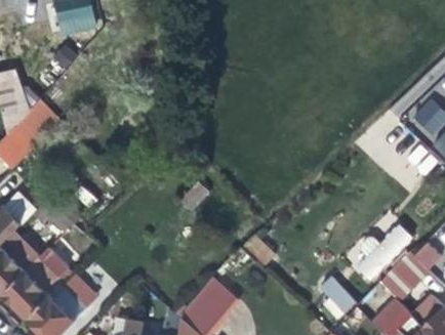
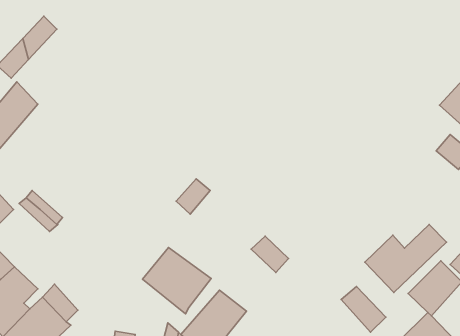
building: none -> [143,248,211,314]

